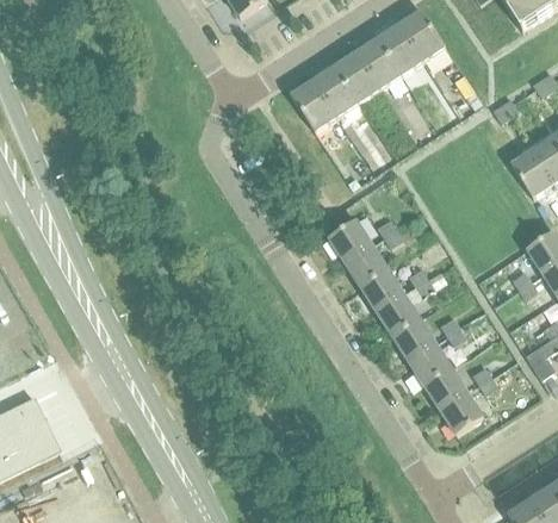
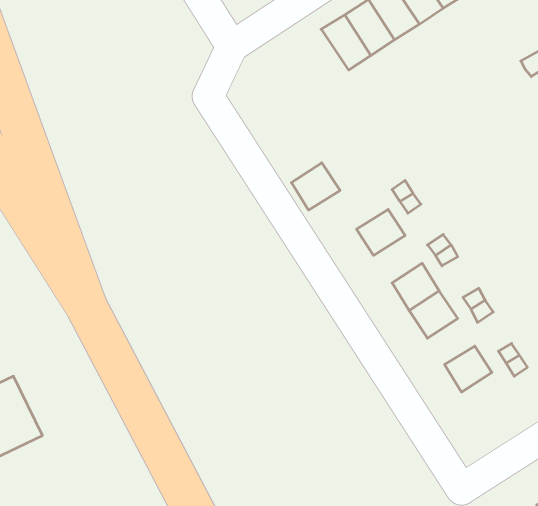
building: [290,80,336,131] -> none
building: [328,218,372,261] -> [291,163,340,210]
building: [359,267,403,310] -> none
building: [408,342,451,384] -> none
building: [439,391,483,434] -> none

